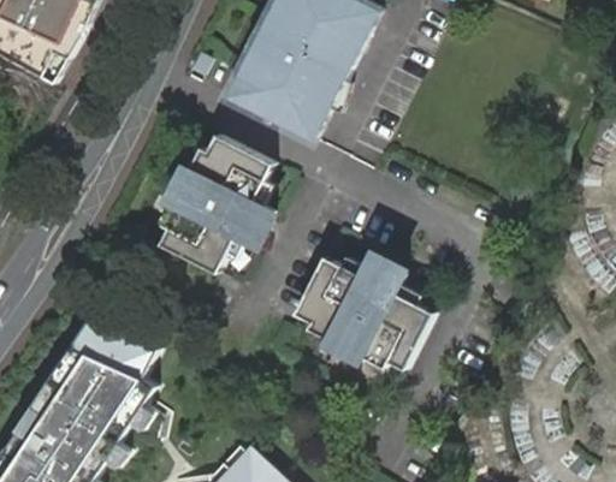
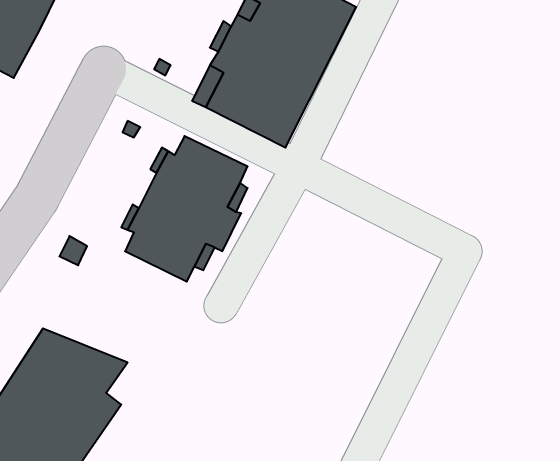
building: [290,260,432,371] -> none

